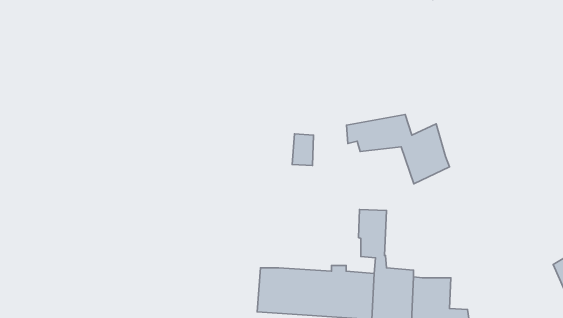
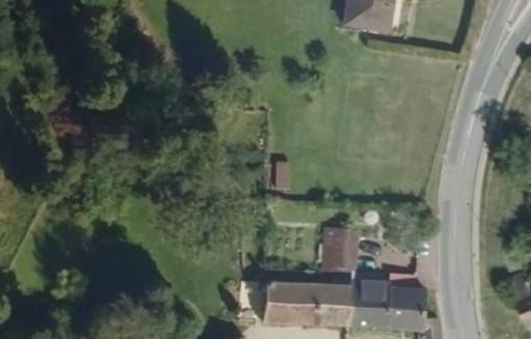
building: [346,115,449,184] -> none

